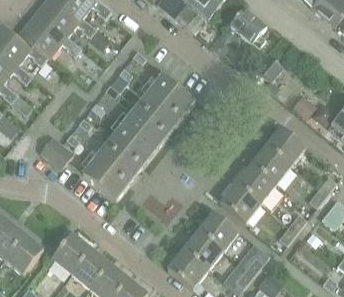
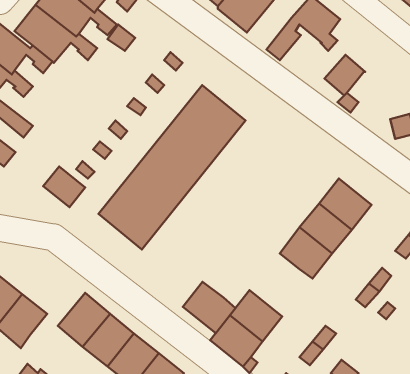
building: [265,127,305,166] -> none
building: [197,212,237,251] -> [183,282,235,333]

